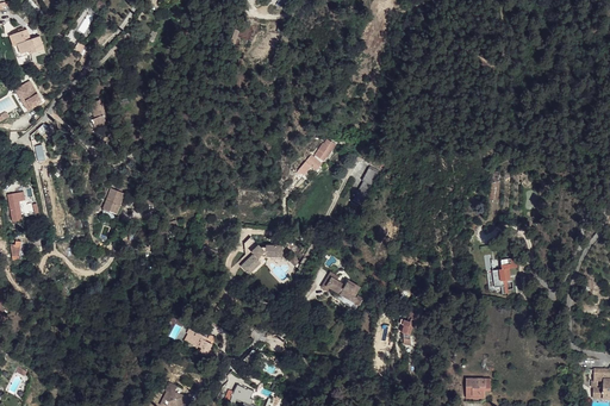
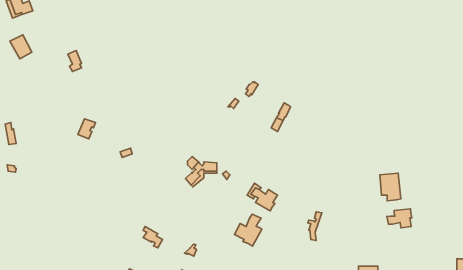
building: none -> [387,209,412,228]
building: none -> [234,214,262,246]

